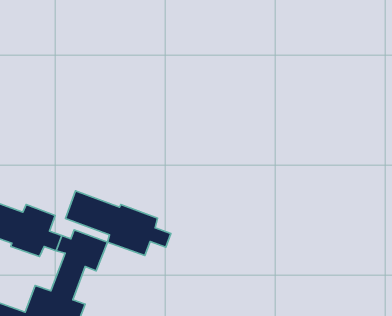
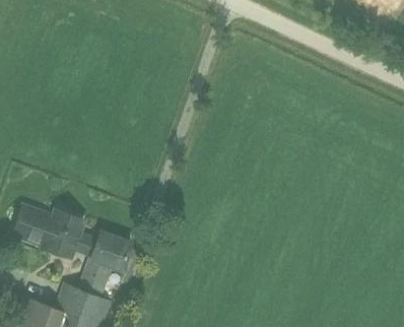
building: [65,191,171,255] -> none

